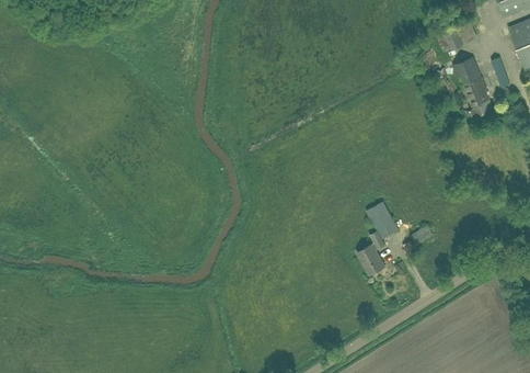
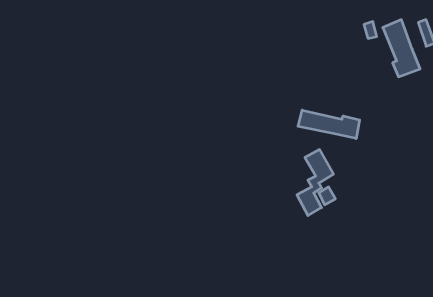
building: none -> [298,110,360,139]

